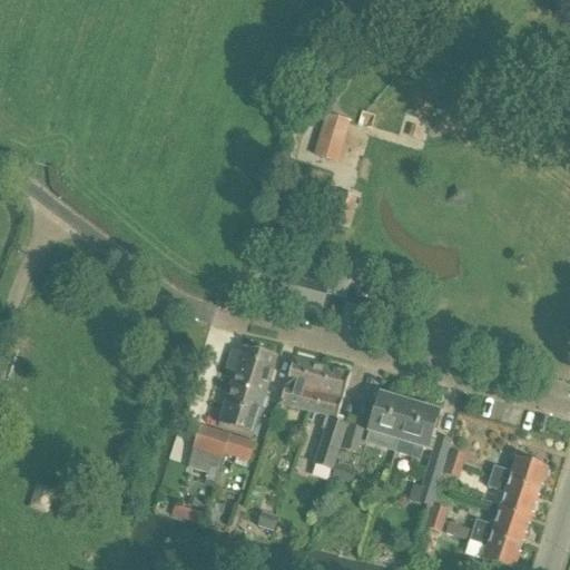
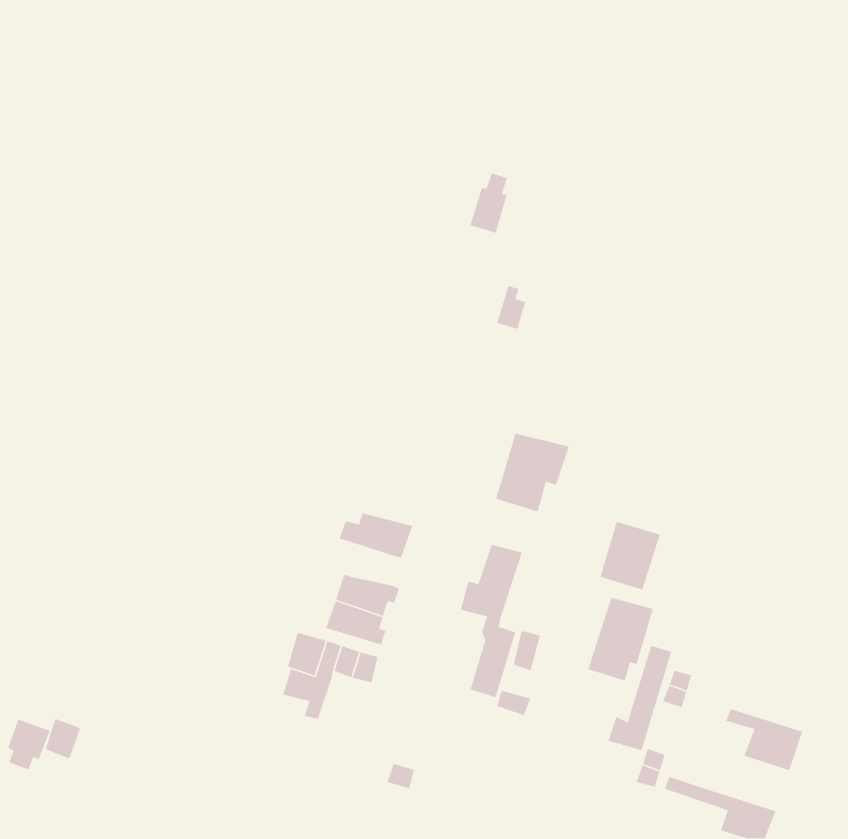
building: [279,356,330,410] -> [495,433,570,512]
building: [226,362,269,393] -> none
building: [368,392,410,439] -> [600,521,661,591]
building: [490,455,547,491] -> none
building: none -> [7,719,51,770]
building: [472,508,530,544] -> none

